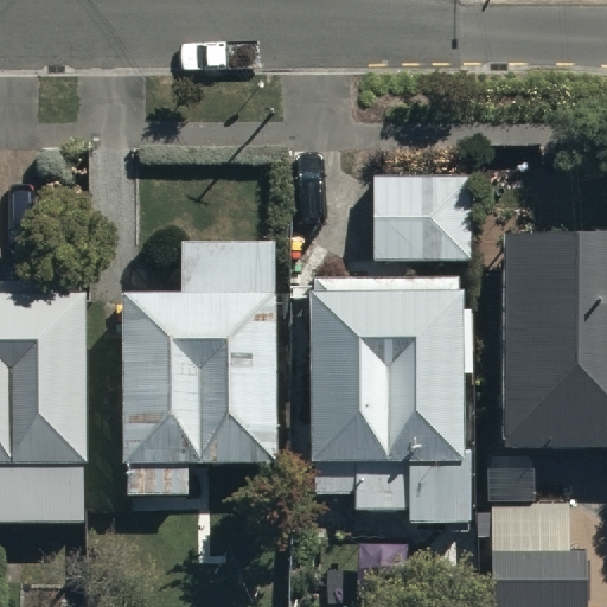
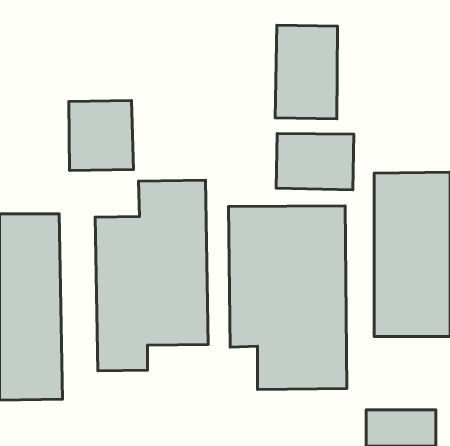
building: none -> [275,25,338,119]
building: none -> [69,101,133,171]

